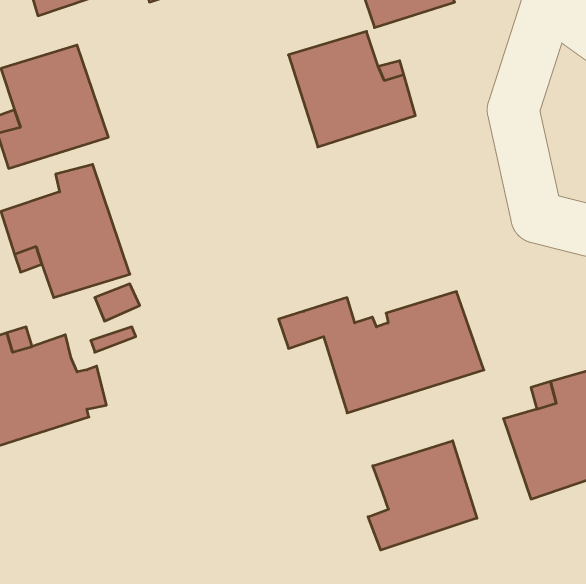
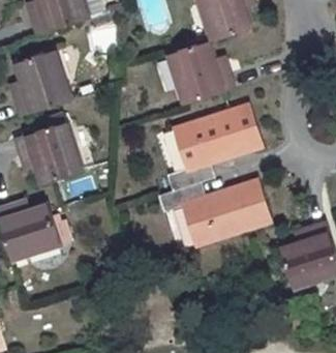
building: none -> [170,105,263,190]
building: [368,441,477,550] -> none

